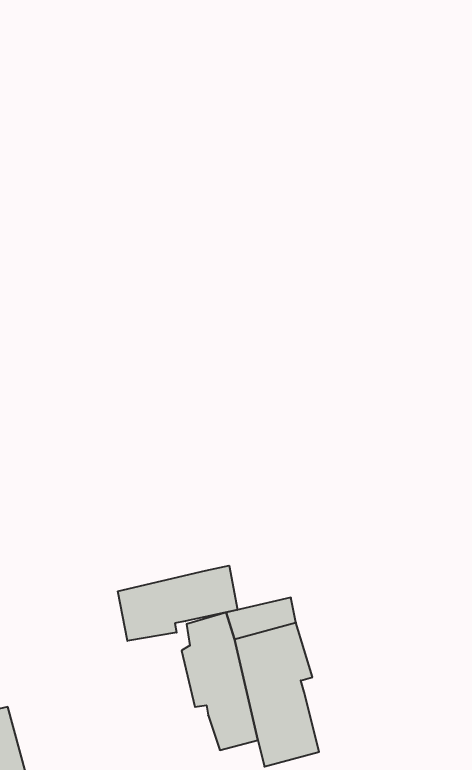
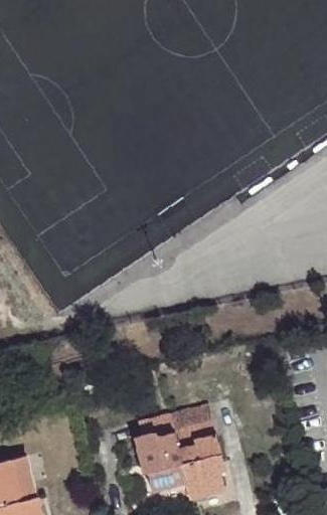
building: [118,566,237,641] -> none

